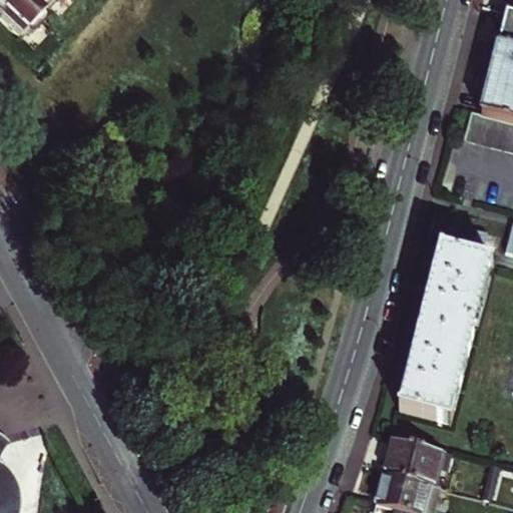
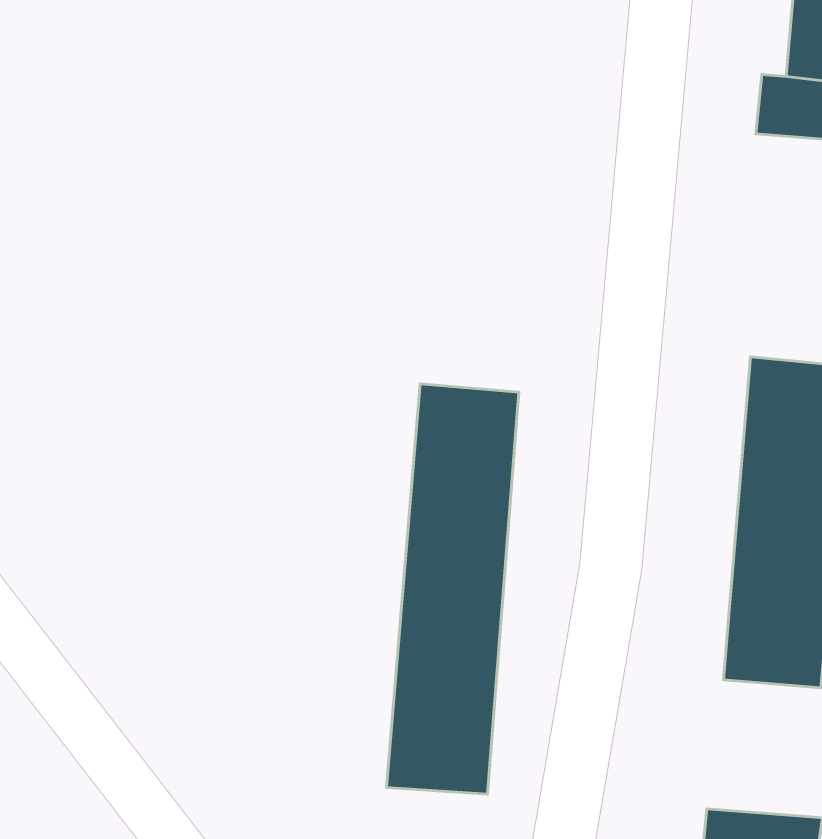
building: none -> [387,384,519,794]
building: [383,437,440,482] -> none

